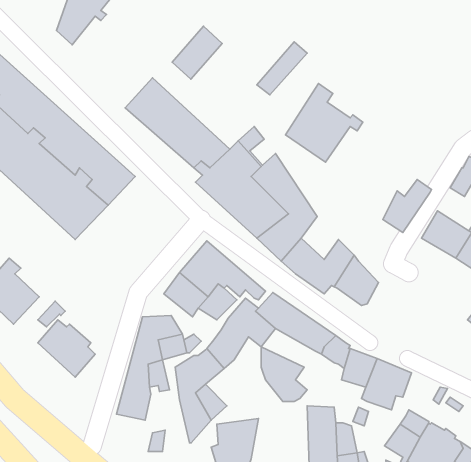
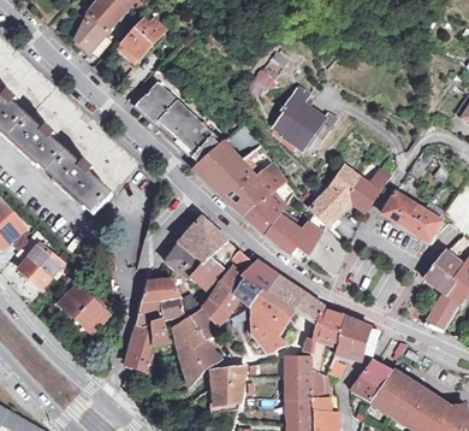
building: [172,26,222,79] -> [117,19,159,64]
building: none -> [310,163,361,234]
building: none -> [247,290,292,323]

